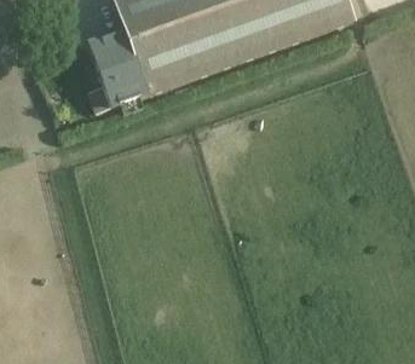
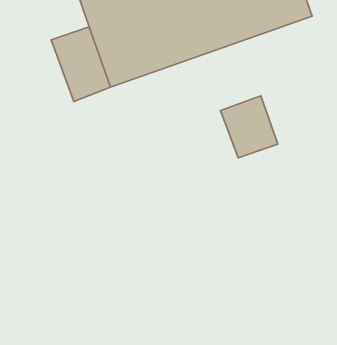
building: none -> [221,96,278,158]

